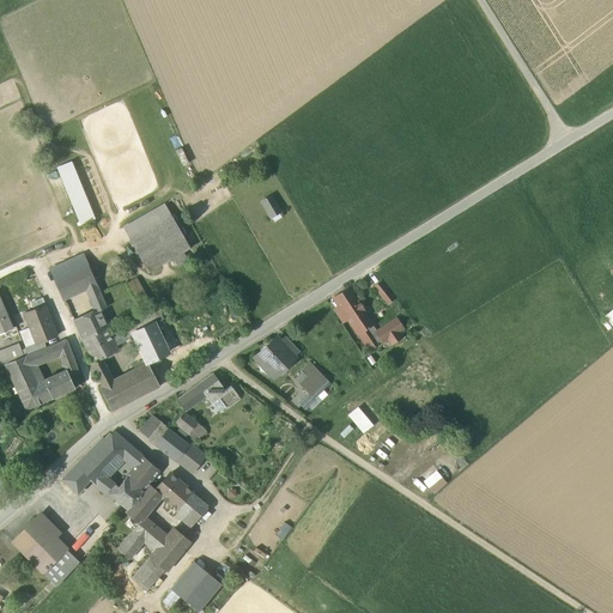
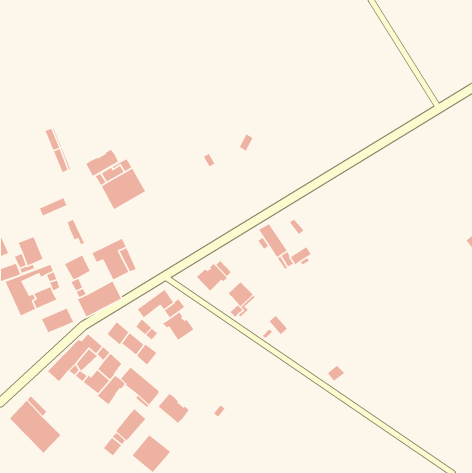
building: none -> [85,149,119,176]
building: [56,266,96,297] -> none
building: [75,309,110,341] -> none
building: none -> [41,308,74,333]
building: none -> [162,311,195,341]
building: none -> [158,393,190,424]
building: [117,520,166,559] -> none

